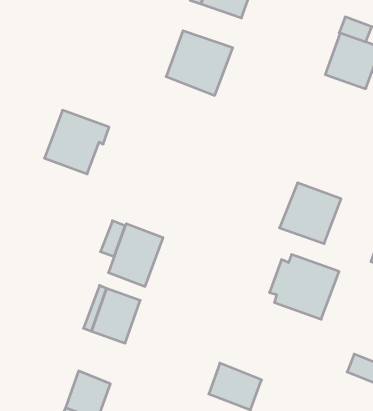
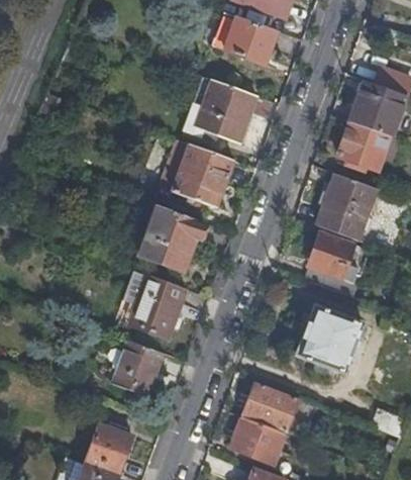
building: none -> [338,123,391,170]
building: none -> [173,145,233,208]
building: [44,110,109,174] -> [139,206,205,271]
building: none -> [317,174,377,241]
building: none -> [243,381,299,434]

